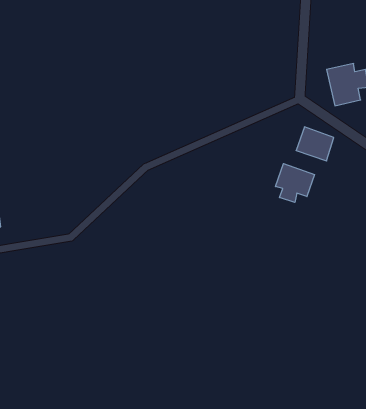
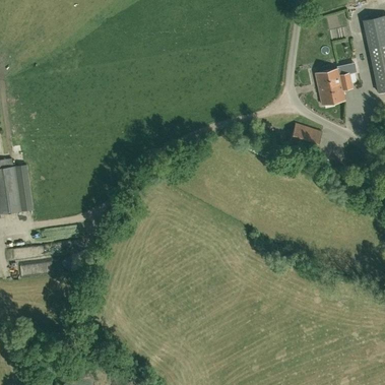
building: [276,164,315,202] -> none

